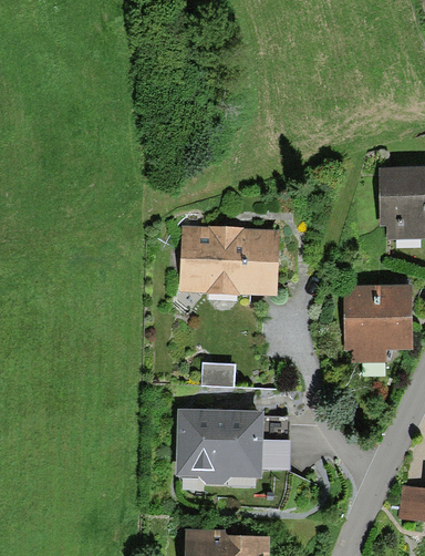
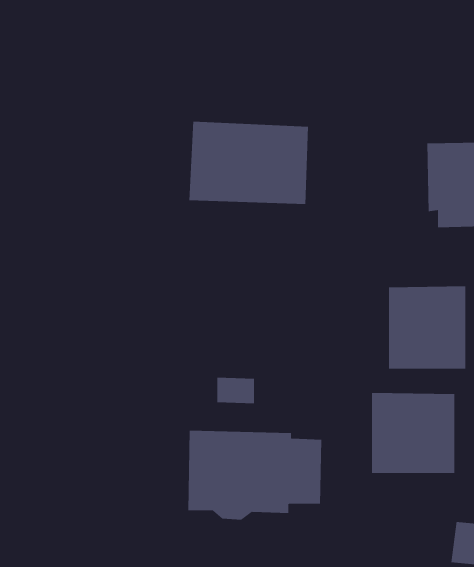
building: [178,226,279,296] -> [189,121,309,205]
building: none -> [371,392,455,474]

